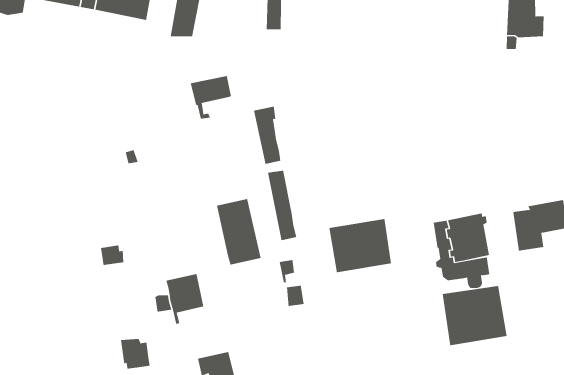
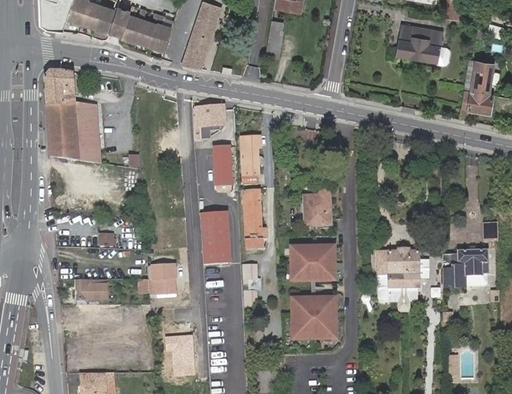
building: none -> [44,70,100,163]
building: none -> [213,146,232,189]
building: none -> [302,188,330,226]
building: [442,285,507,346] -> [290,295,339,339]
building: [120,338,151,369] -> [76,278,98,303]

